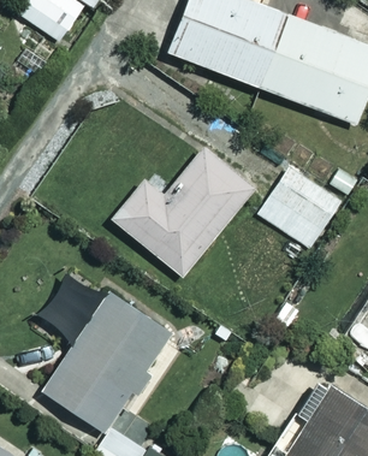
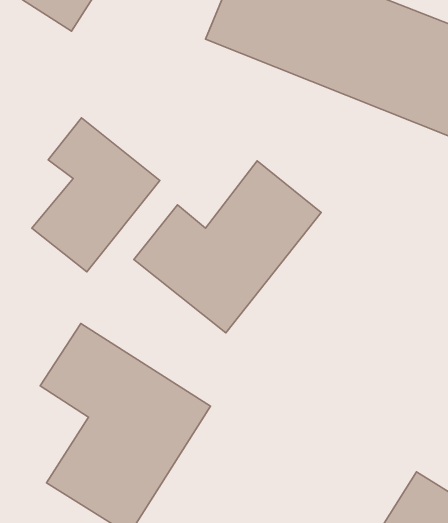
building: none -> [32,118,160,272]
building: [257,168,343,251] -> none

